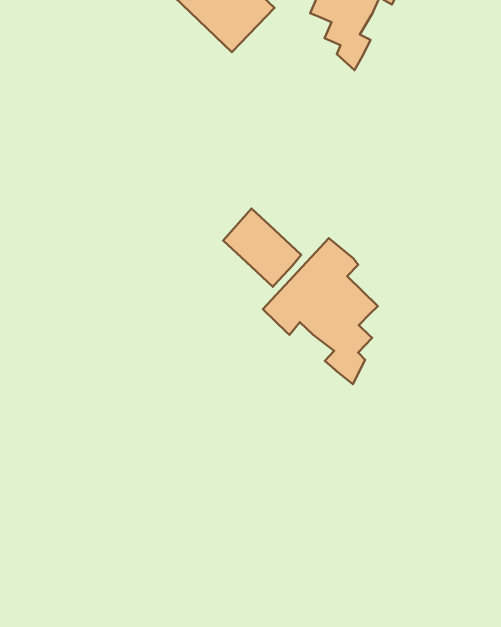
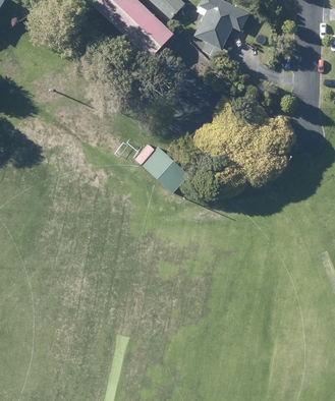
building: [263,238,378,384] -> none

